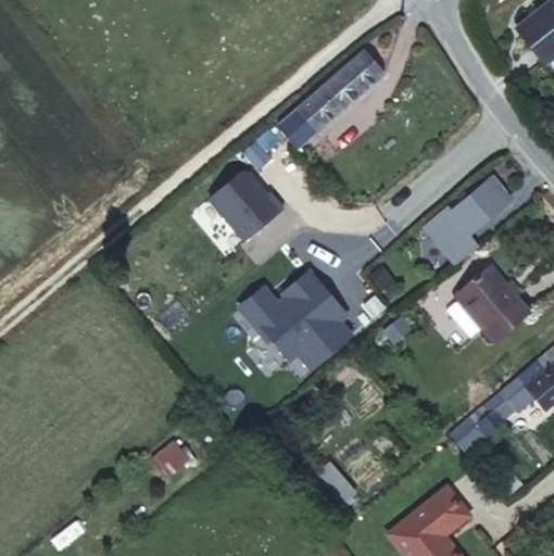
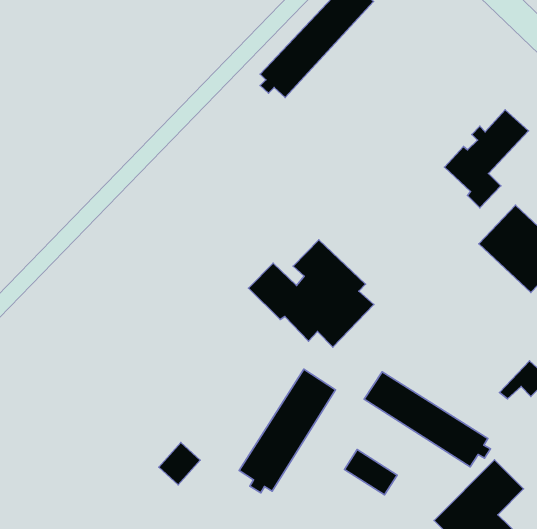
building: [214,167,286,236] -> none
building: none -> [239,369,336,493]
building: none -> [364,372,490,467]

